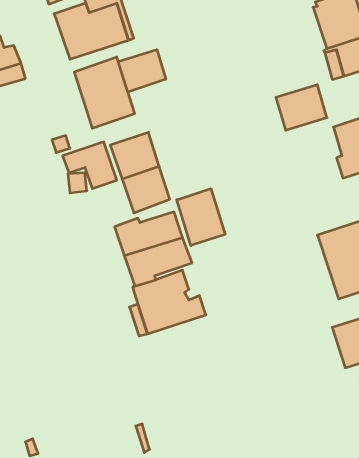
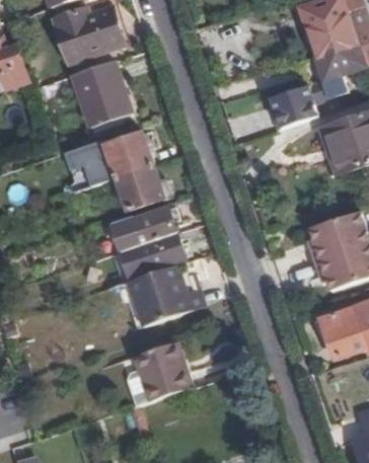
building: [118,50,166,92] -> none
building: [177,189,225,246] -> none
building: none -> [127,342,191,404]

